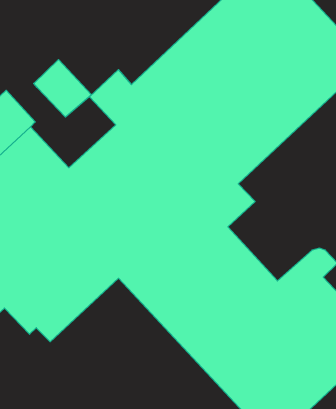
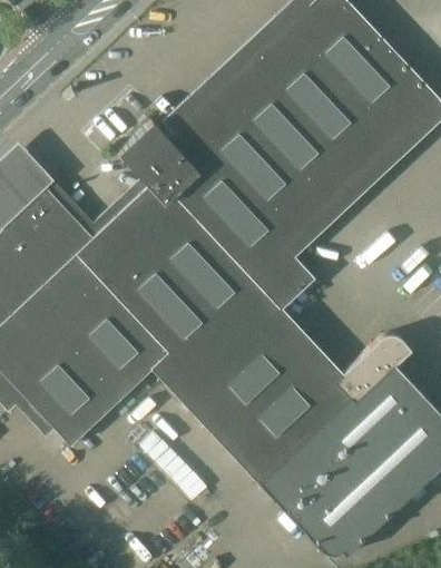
building: [34,60,92,117] -> none

